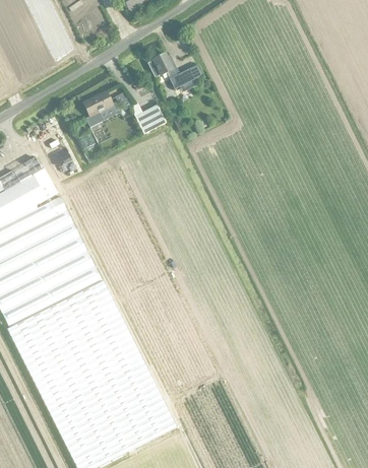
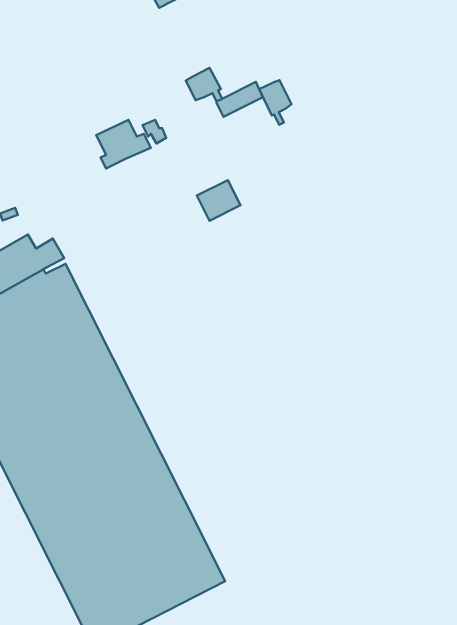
building: none -> [259,80,292,125]
building: [134,103,166,132] -> [197,180,240,221]

